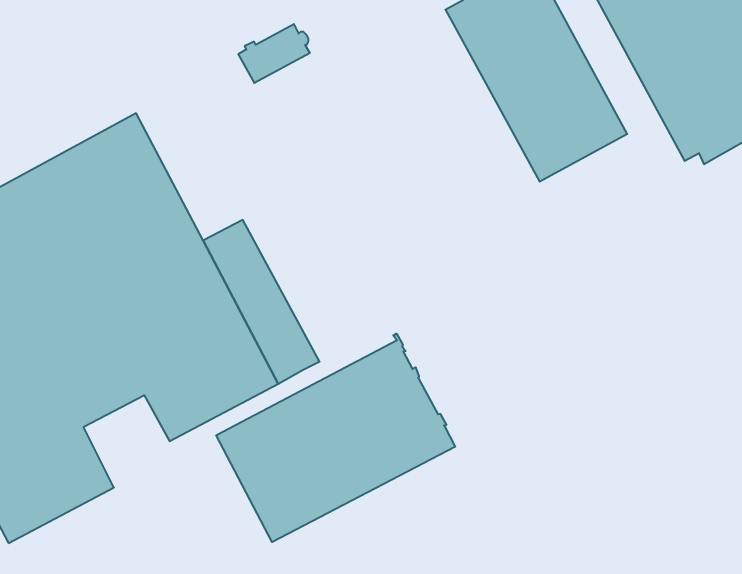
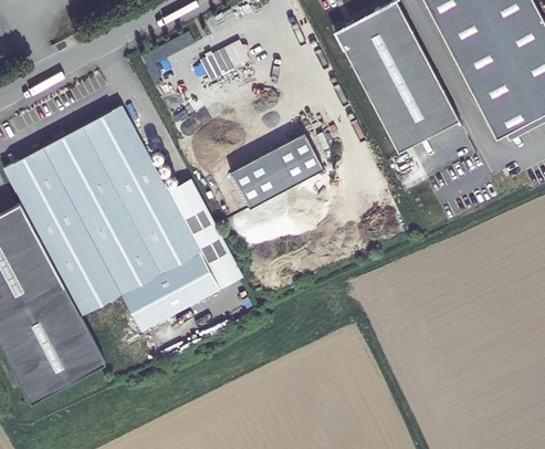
building: none -> [220,136,314,212]
building: [216,334,455,542] -> none

